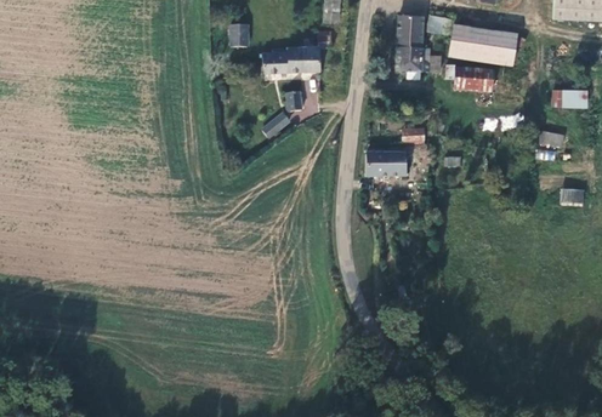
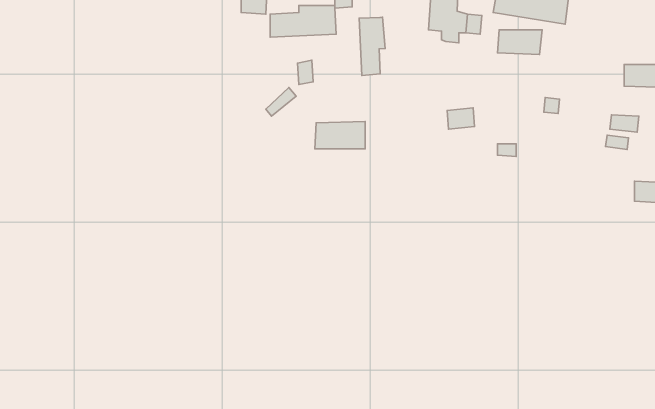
building: none -> [359,17,385,76]
building: [367,153,409,176] -> [315,122,365,149]

